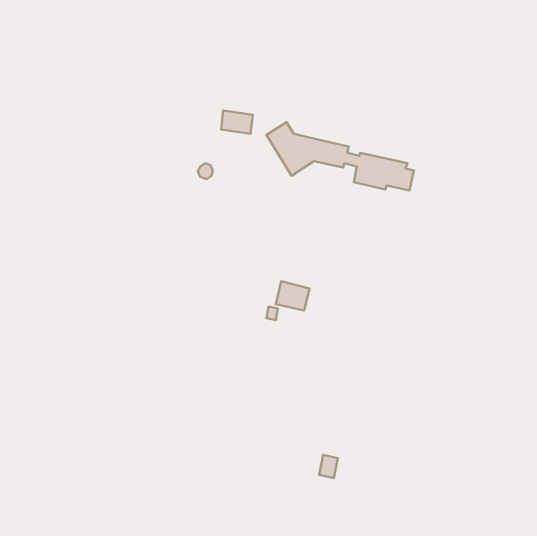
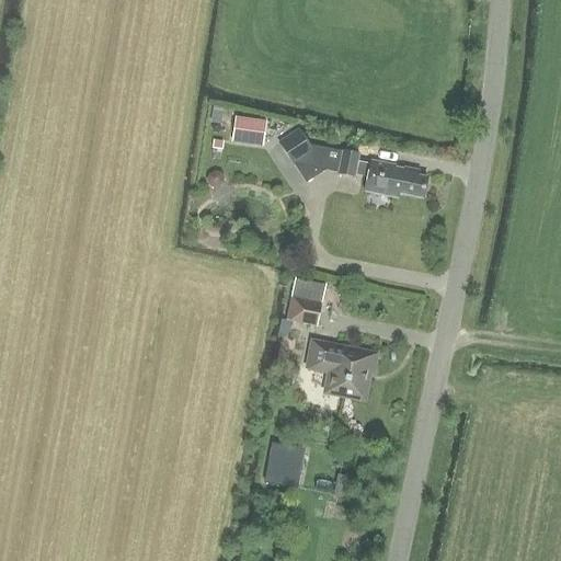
building: none -> [308,341,374,398]
building: none -> [264,443,302,488]

